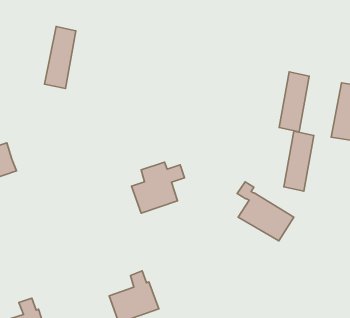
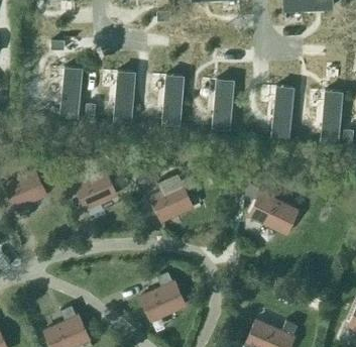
building: none -> [116,71,137,122]
building: none -> [163,75,185,126]
building: [284,131,314,191] -> [214,78,236,130]
building: none -> [72,162,114,212]

